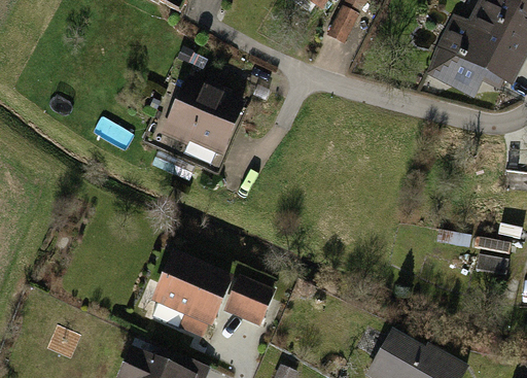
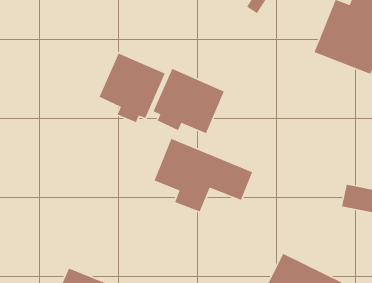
building: none -> [153,68,225,134]
building: [143,256,267,349] -> [154,138,253,212]

